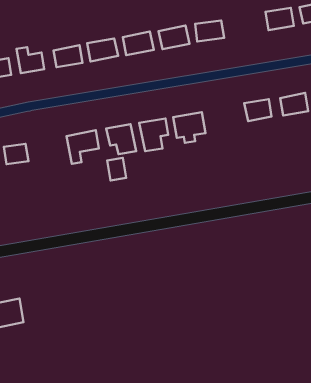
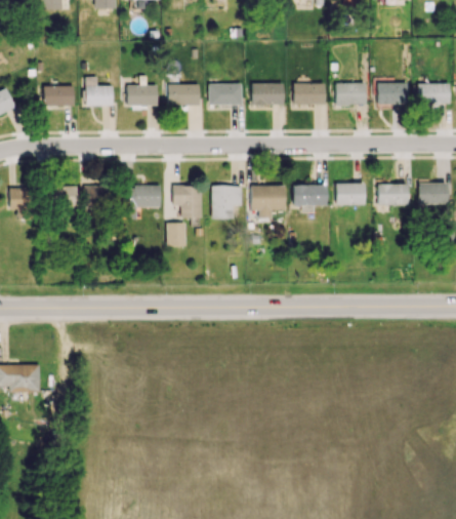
building: none -> [336,83,366,105]
building: none -> [293,185,327,206]
building: none -> [83,185,110,206]

